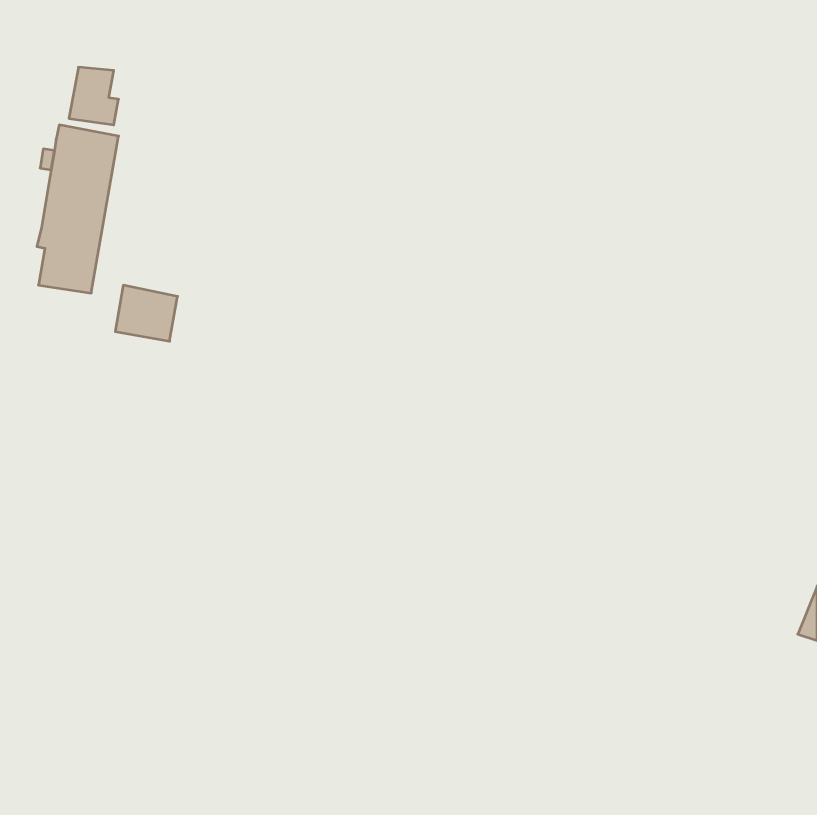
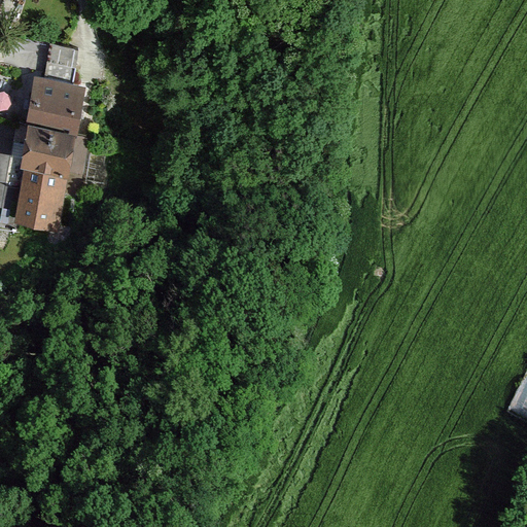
building: [115,285,178,341] -> [19,188,59,224]

